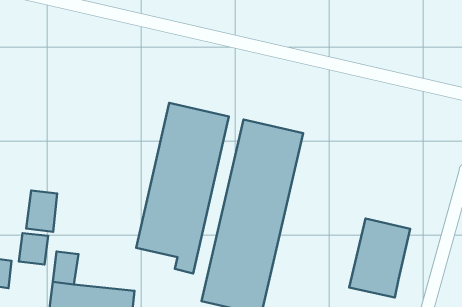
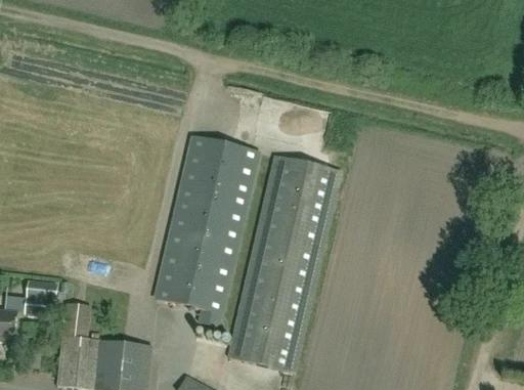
building: [26,190,57,232] -> none
building: [349,218,410,297] -> none

